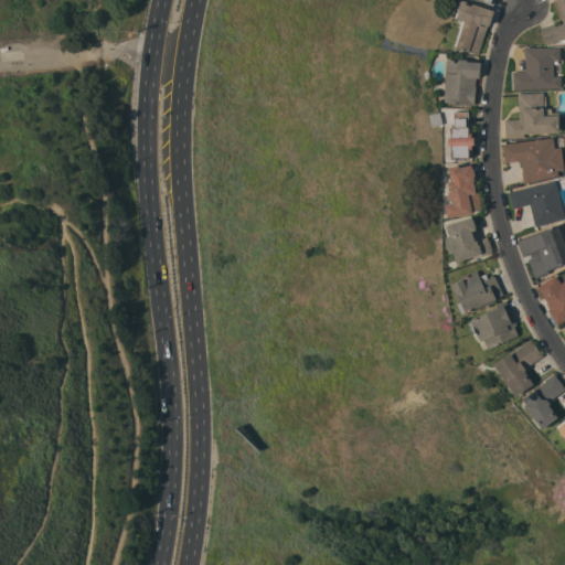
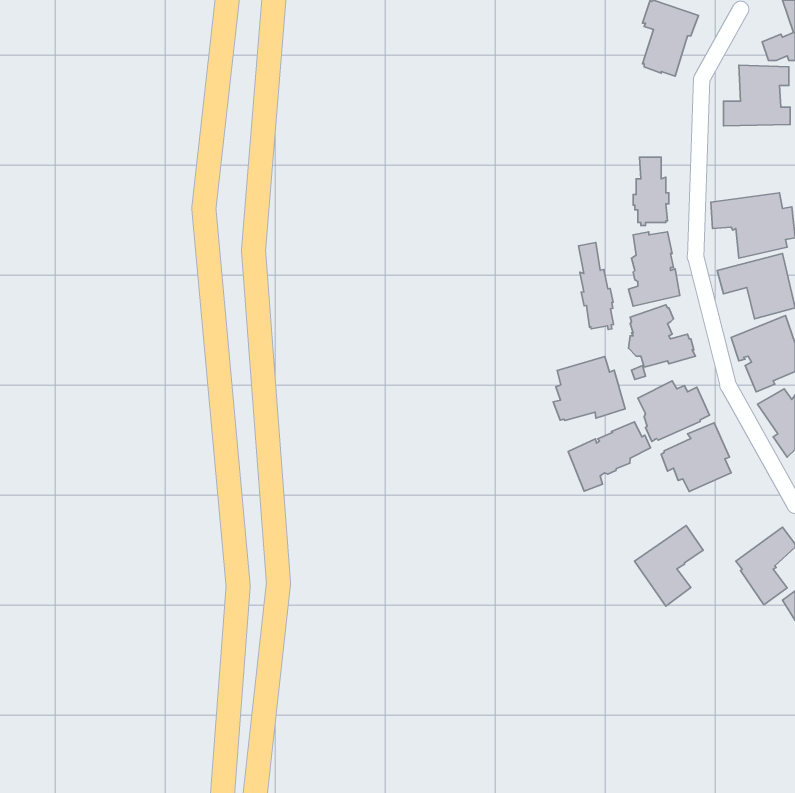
building: [445,60,481,109] -> none
building: [505,94,559,139] -> none
building: none -> [579,242,614,330]
building: none -> [553,356,625,421]
building: none -> [568,422,651,491]
building: [494,340,543,397] -> [635,525,703,606]

